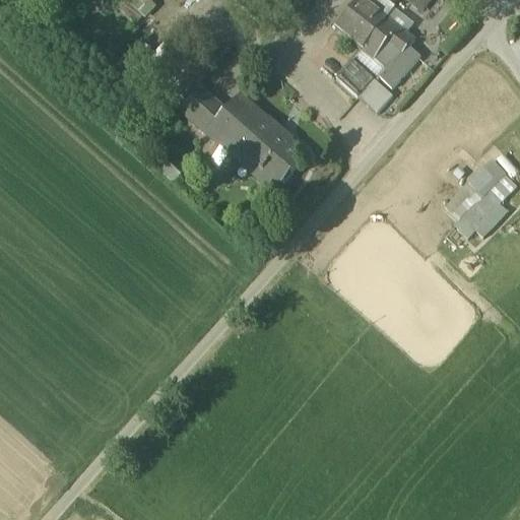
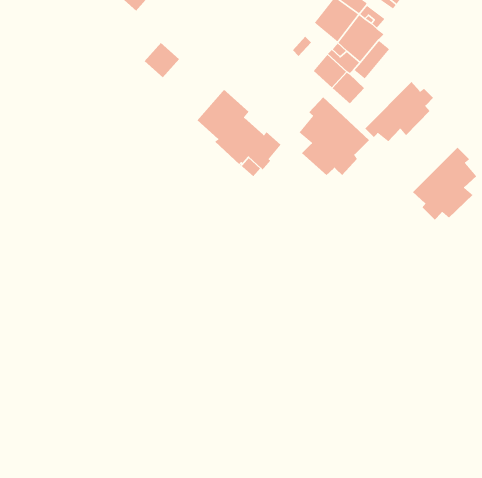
building: [180,86,218,125] -> [144,42,180,78]
building: none -> [364,81,434,142]
building: none -> [299,97,370,176]

